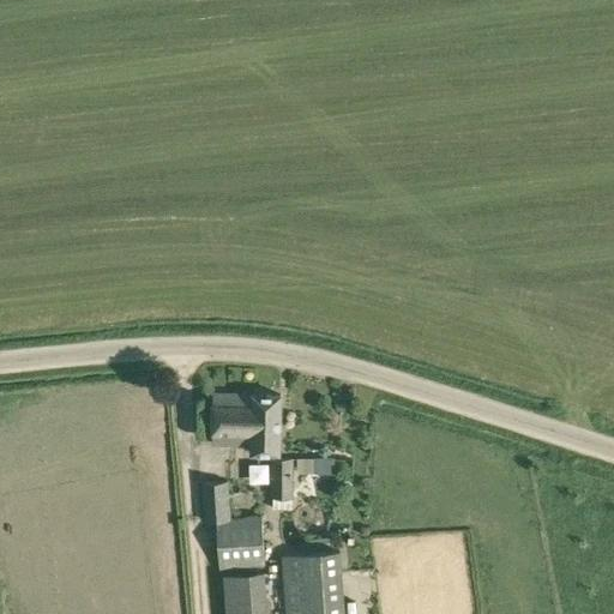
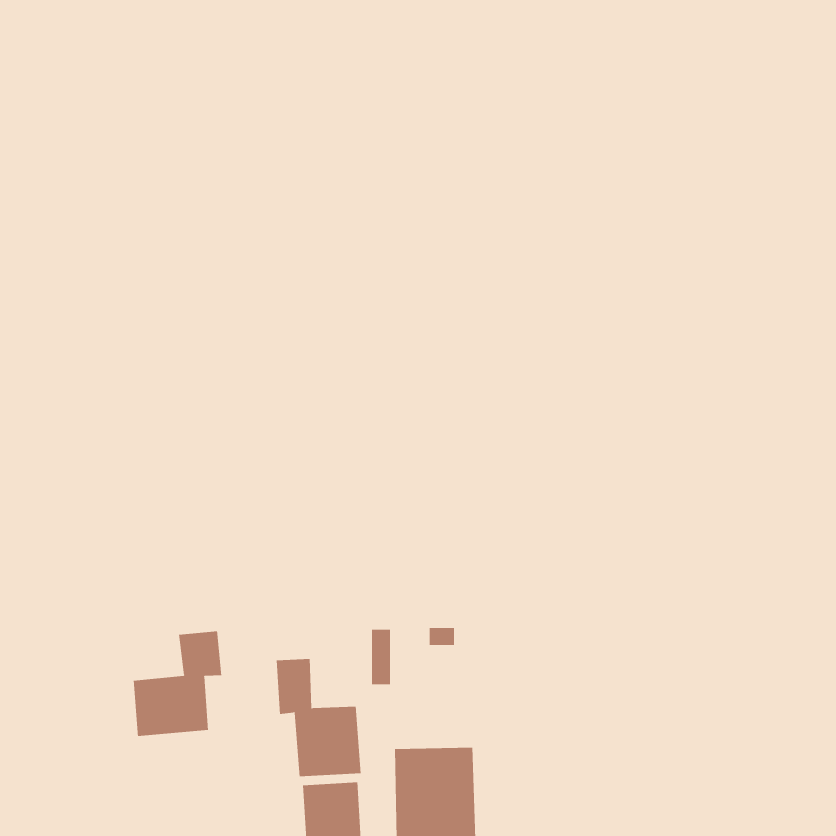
building: [211,396,279,456] -> none
building: none -> [133,630,222,737]

